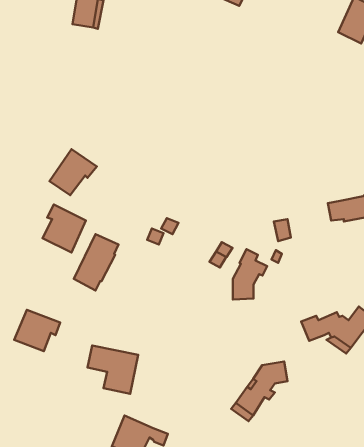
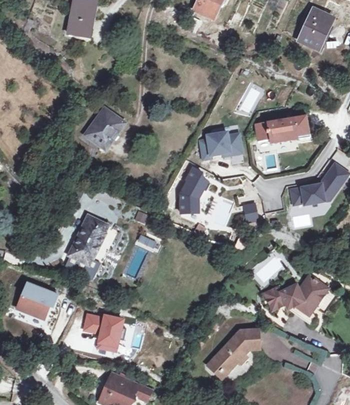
building: none -> [256,115,310,143]
building: none -> [200,132,242,159]
building: [50,149,97,195] -> [85,107,126,147]
building: [43,205,86,252] -> none
building: [233,249,267,300] -> [180,167,210,211]

